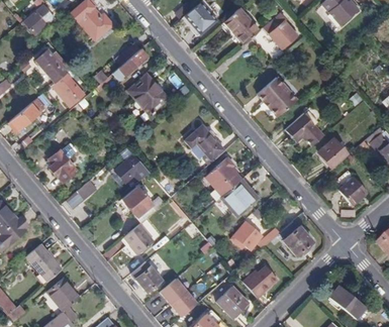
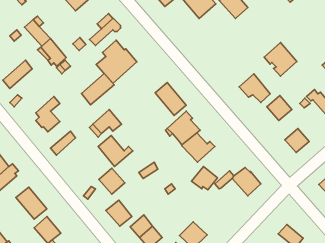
building: [257,77,295,116] -> [264,43,297,76]
building: none -> [82,74,114,105]
building: [242,264,277,297] -> none

